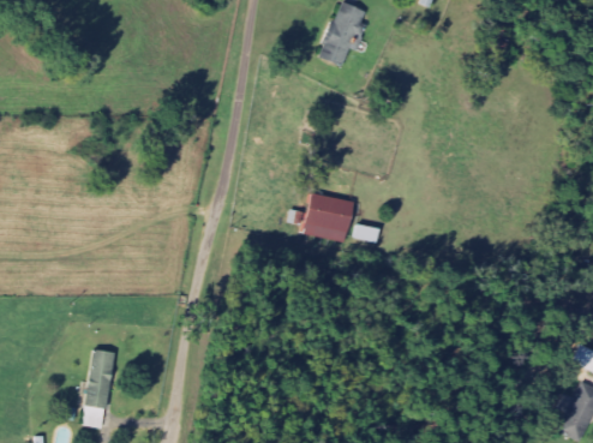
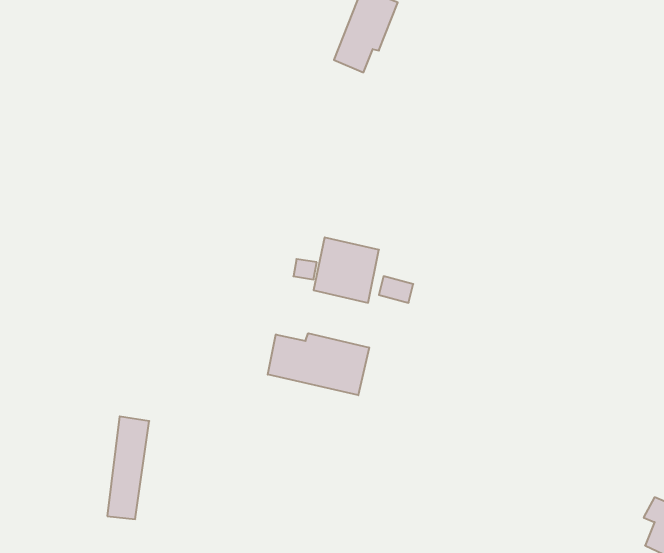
building: none -> [268,333,369,395]
building: [83,348,115,427] -> [107,416,149,519]

